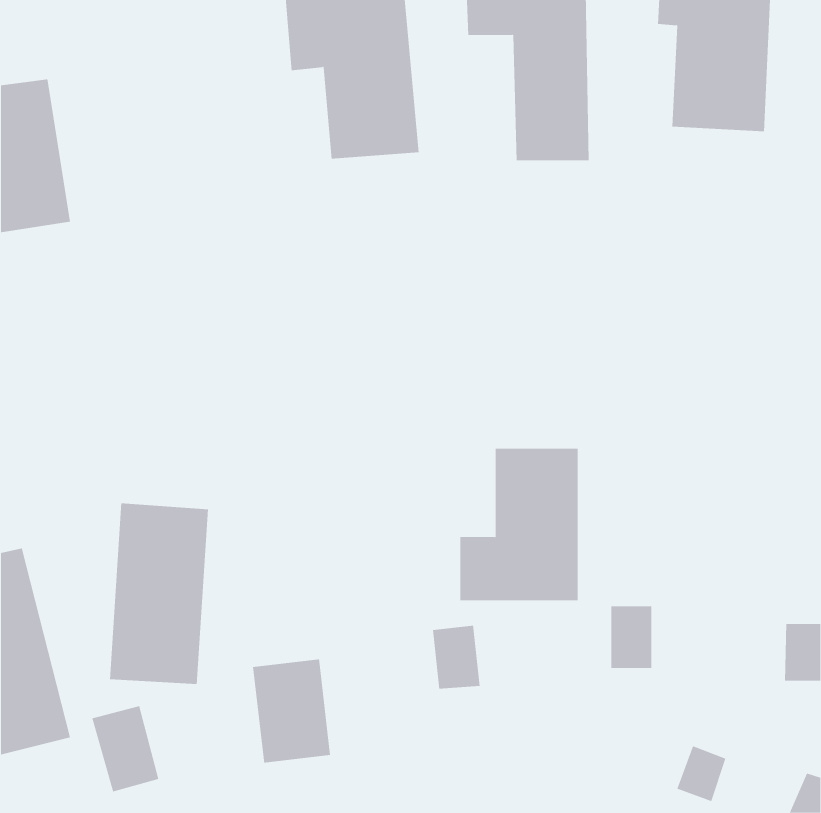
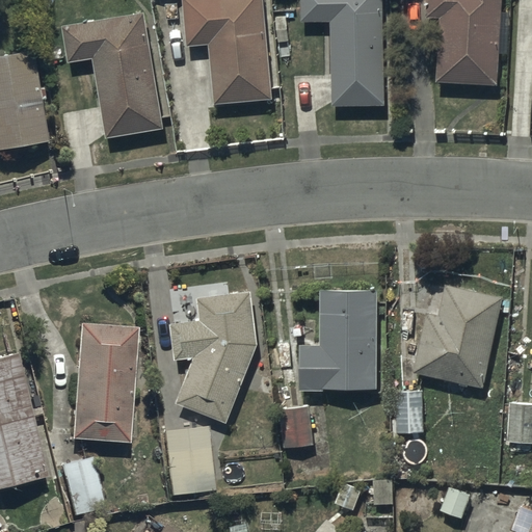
building: none -> [61,12,169,137]
building: none -> [410,285,501,389]
building: none -> [170,293,255,422]

